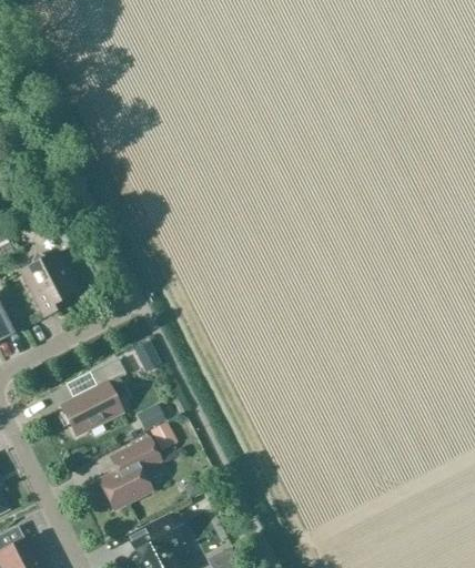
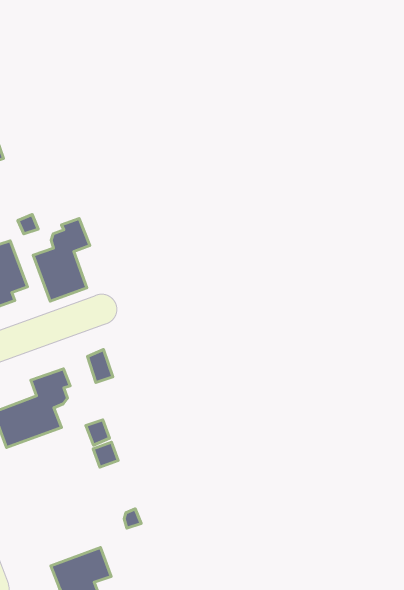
building: none -> [33,219,90,301]
building: [98,438,159,510] -> none

